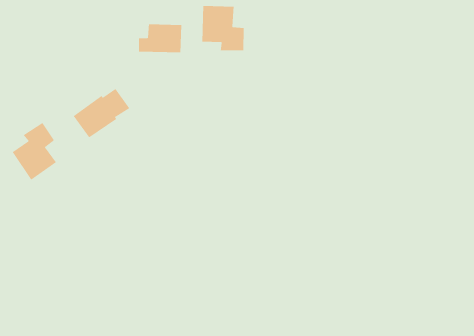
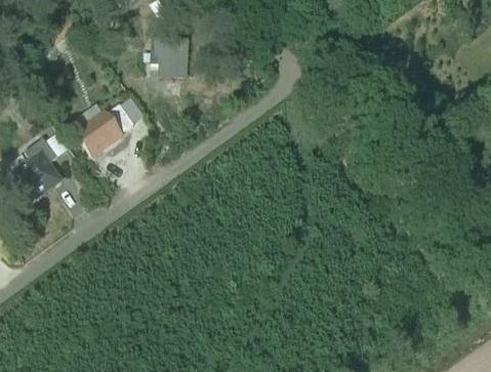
building: [202,5,244,51] -> none

